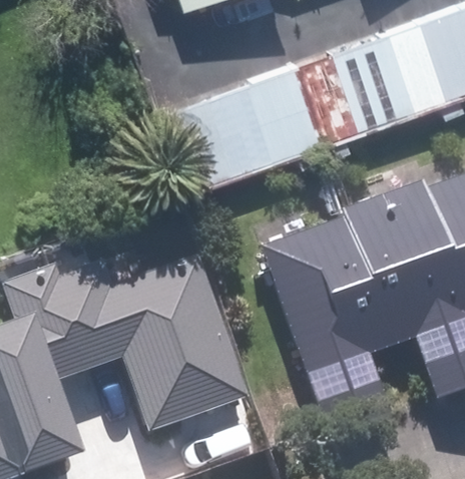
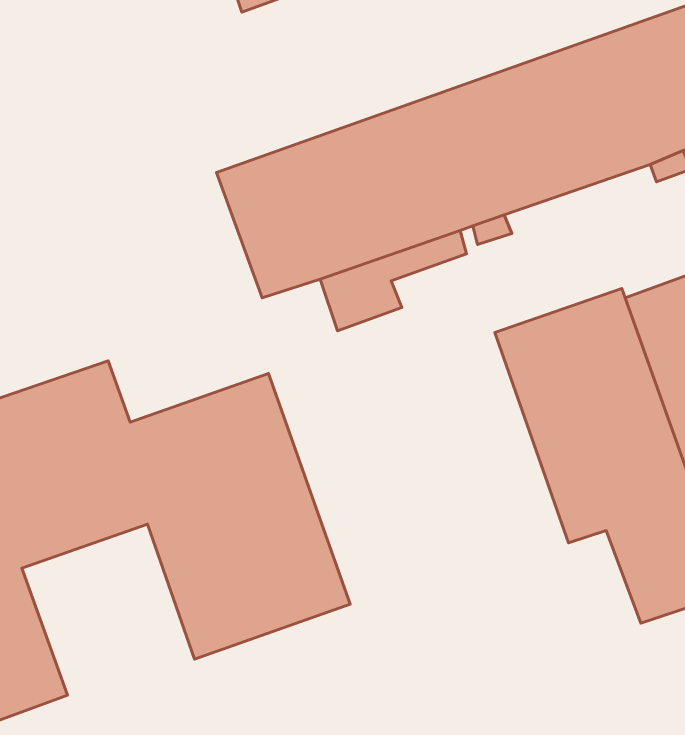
building: [261,214,389,434] -> none

